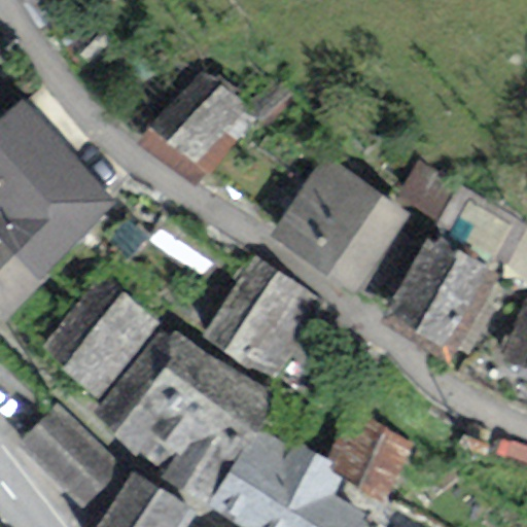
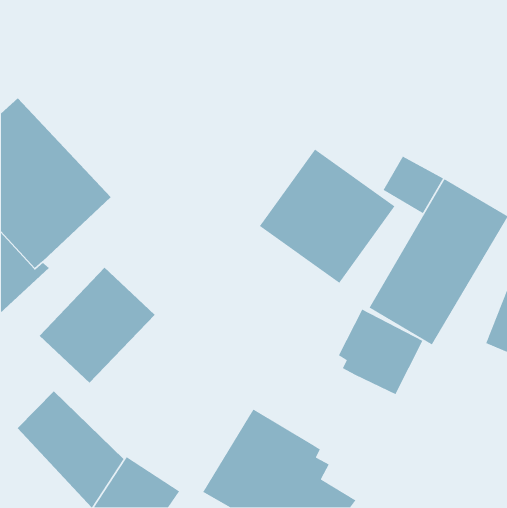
building: [142,60,291,188] -> none
building: [203,256,322,380] -> none
building: [90,324,276,501] -> none
building: [325,411,414,500] -> [338,309,424,395]

